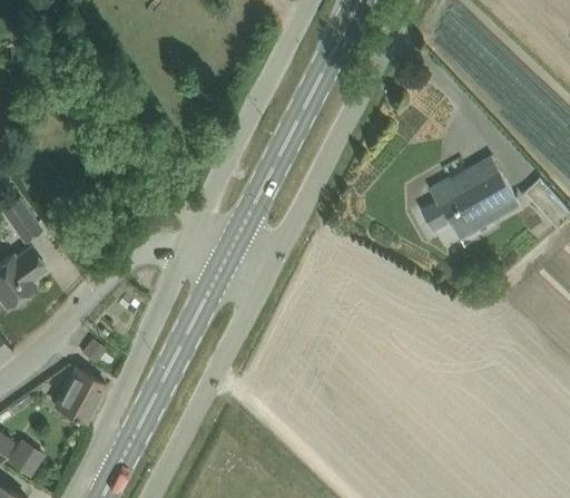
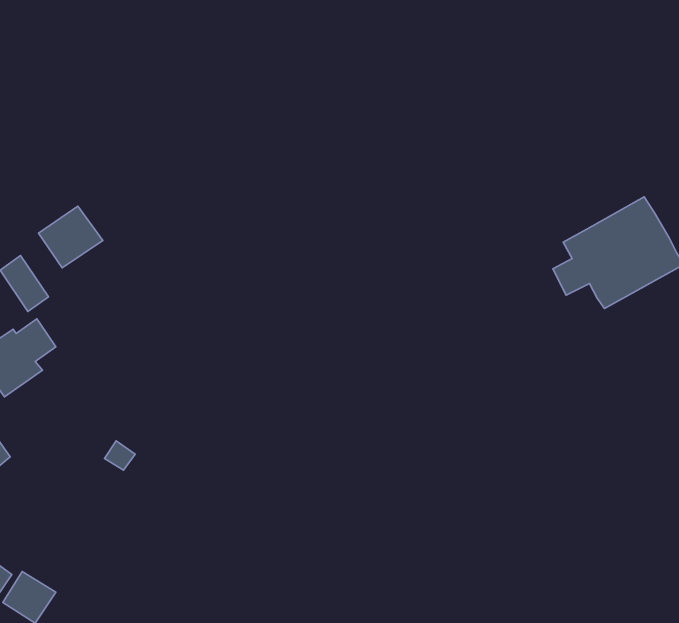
building: none -> [39,206,103,268]
building: [53,369,105,422] -> none

